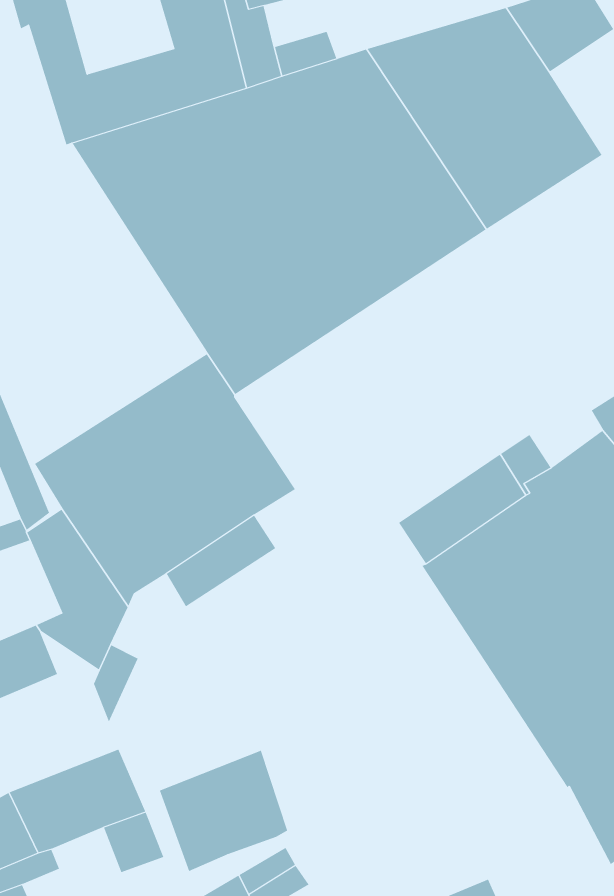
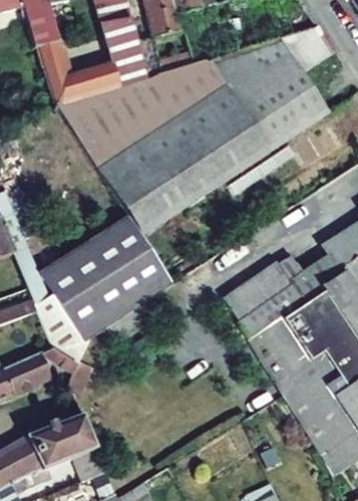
building: [159,750,288,872] -> none

